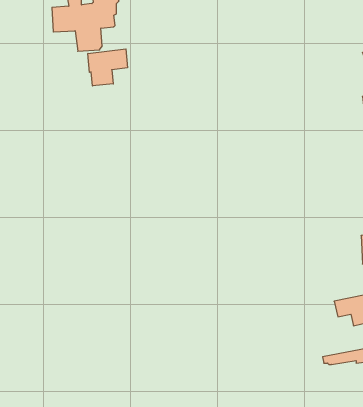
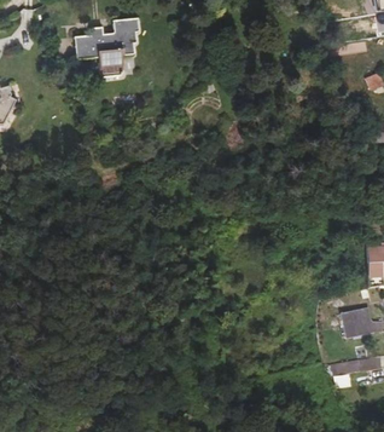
building: [88,49,127,86] -> none

